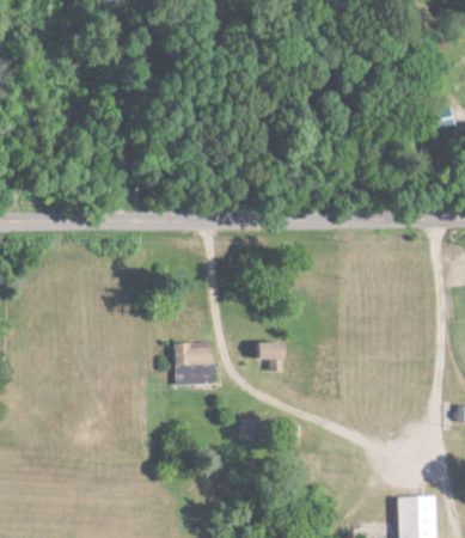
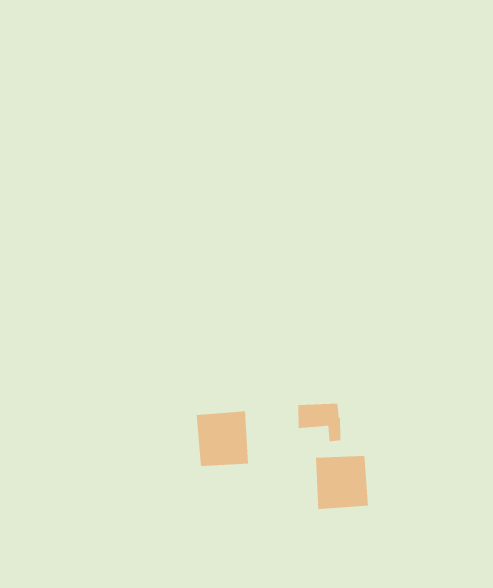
building: none -> [316,455,368,510]

